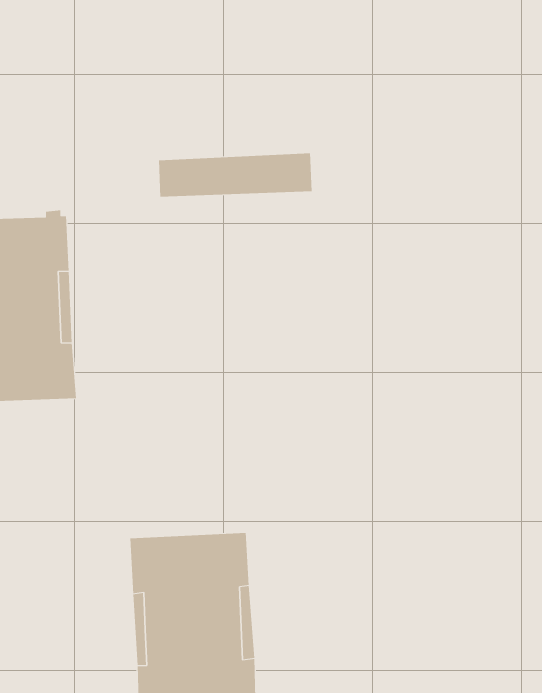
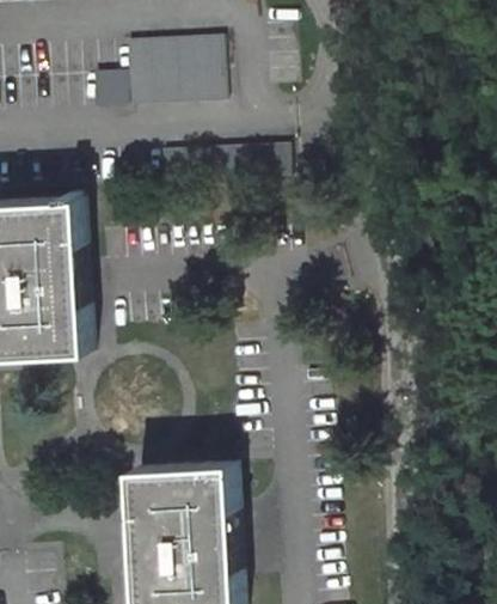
building: none -> [112,38,211,105]

